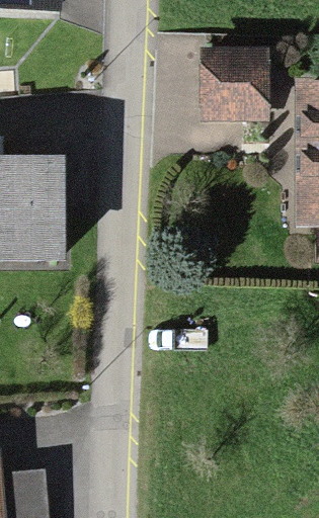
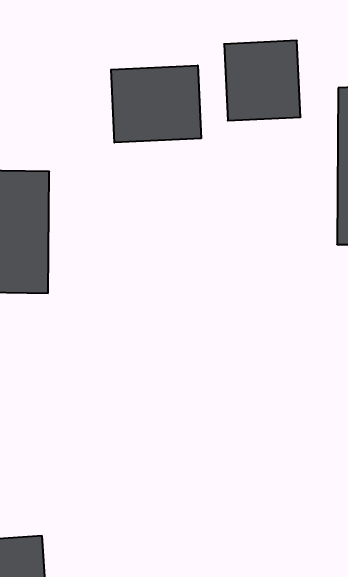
building: none -> [111,65,201,143]

